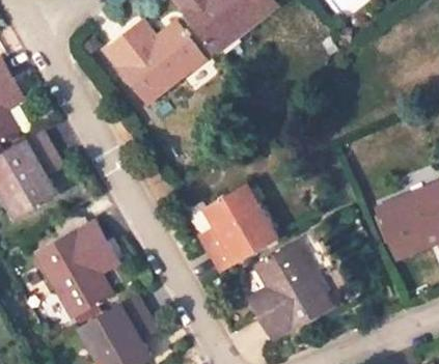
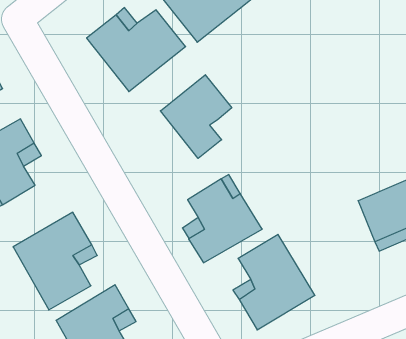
building: none -> [160,75,232,158]

